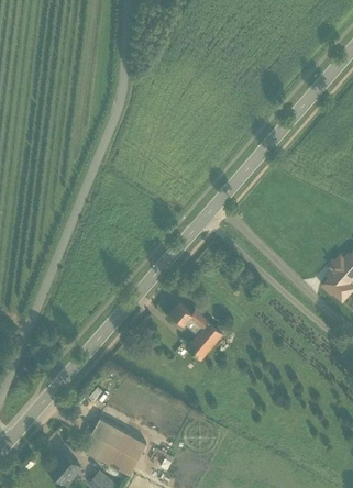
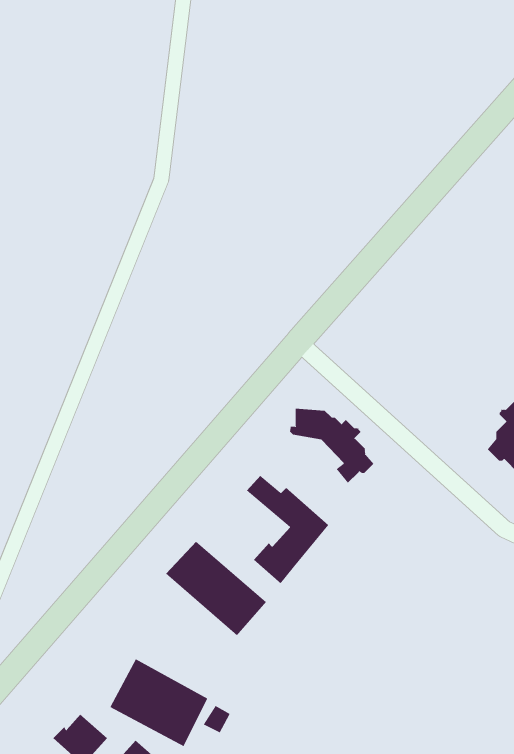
building: none -> [289,408,374,483]
building: none -> [165,541,267,636]

